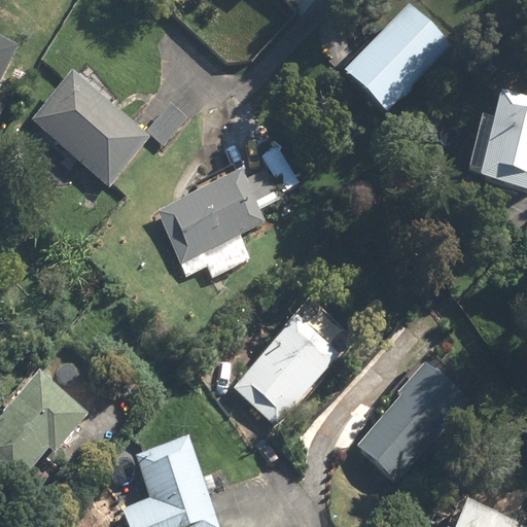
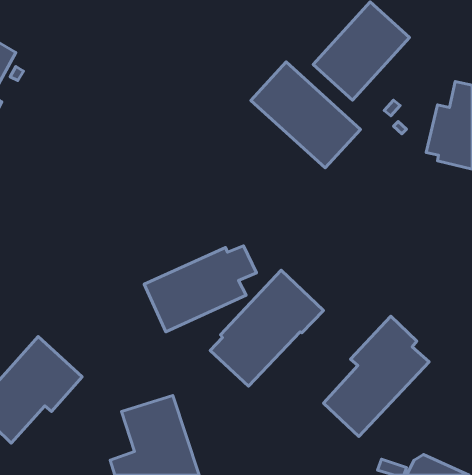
building: none -> [251,62,361,168]
building: [32,71,149,184] -> none
building: [154,168,278,262] -> [144,246,256,332]

